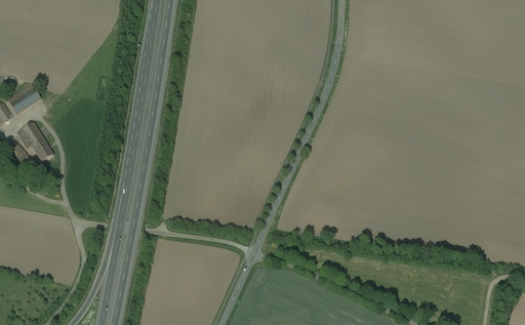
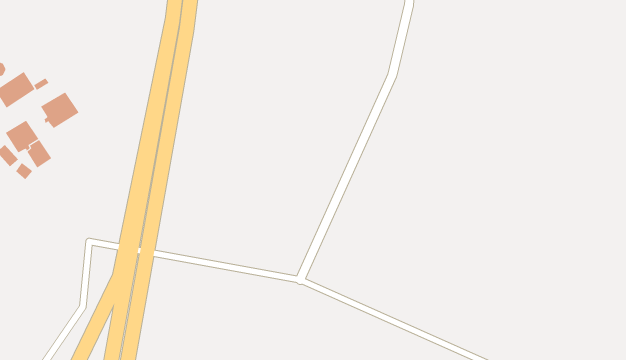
building: none -> [40,92,79,129]

